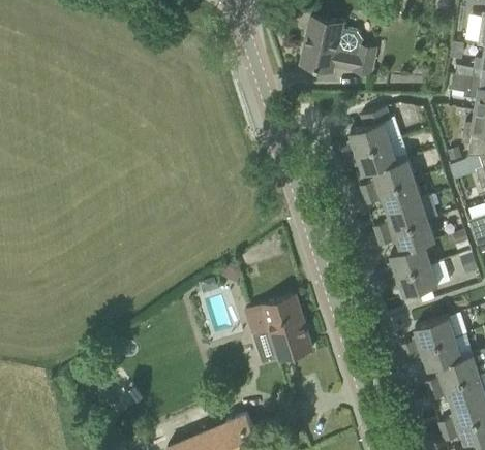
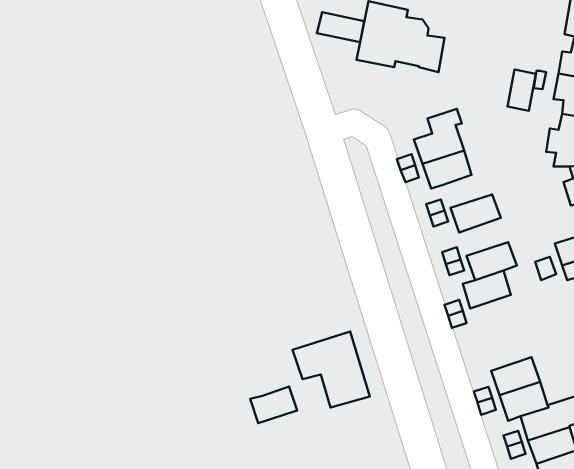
building: none -> [317,12,364,42]
building: none -> [508,70,536,111]
building: [374,159,416,190] -> none
building: [388,198,429,230] -> none
building: [397,263,438,296] -> none
building: none -> [250,386,297,423]

